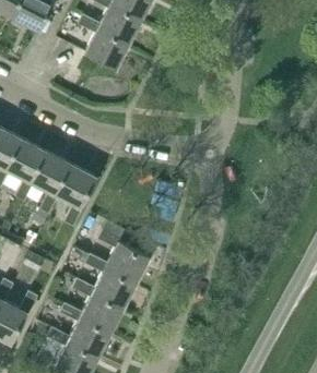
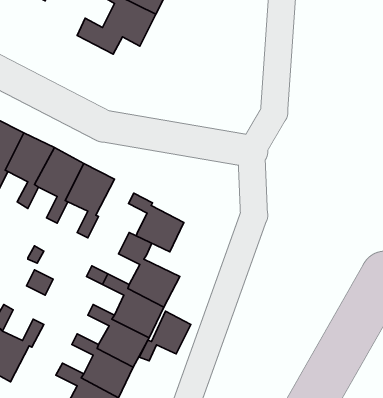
building: none -> [128,193,184,252]
building: none -> [139,311,191,361]

